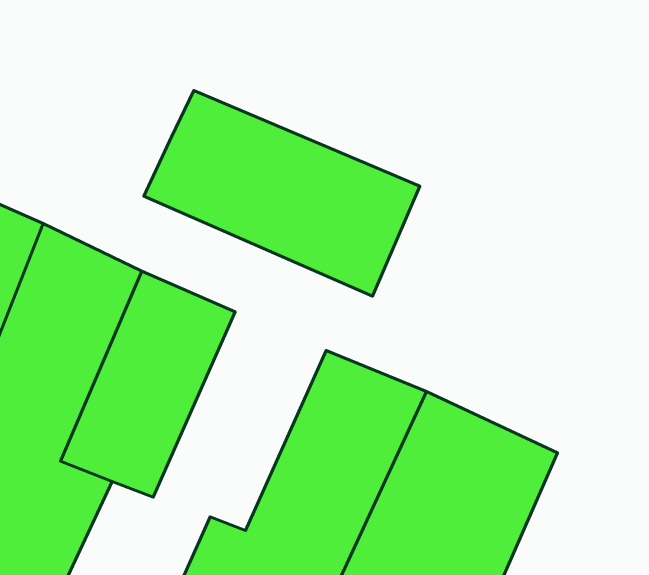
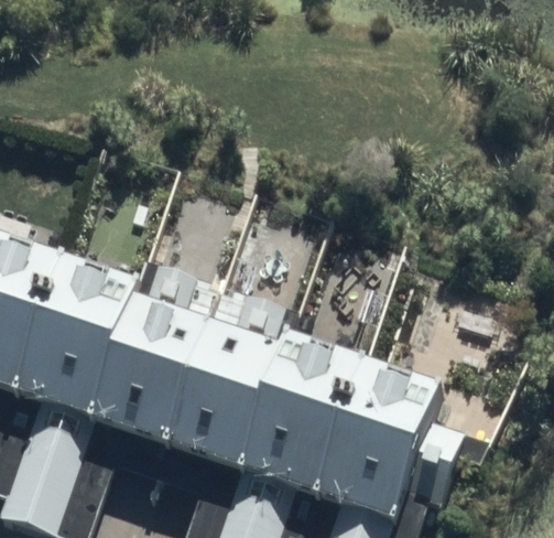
building: [144,91,420,296] -> none
building: none -> [152,301,280,473]

